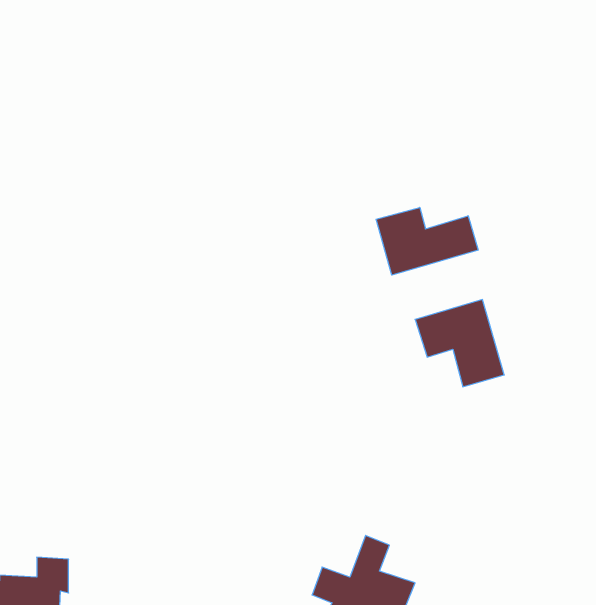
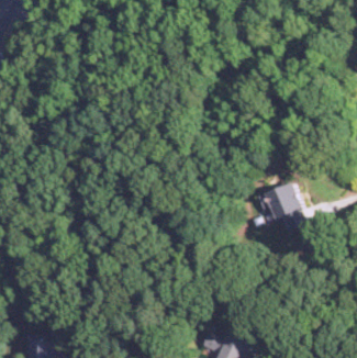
building: [376,207,478,275] -> none

